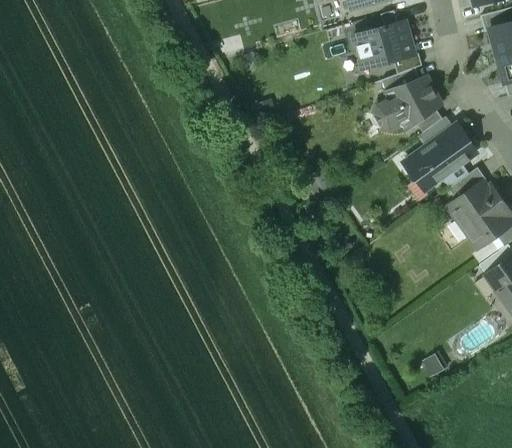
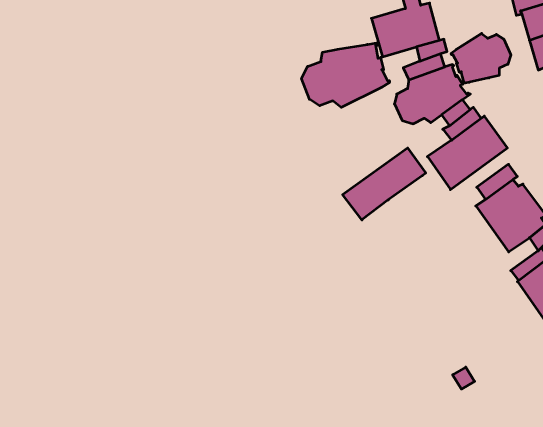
building: none -> [451,33,511,84]
building: none -> [302,42,389,107]
building: none -> [343,148,426,220]

